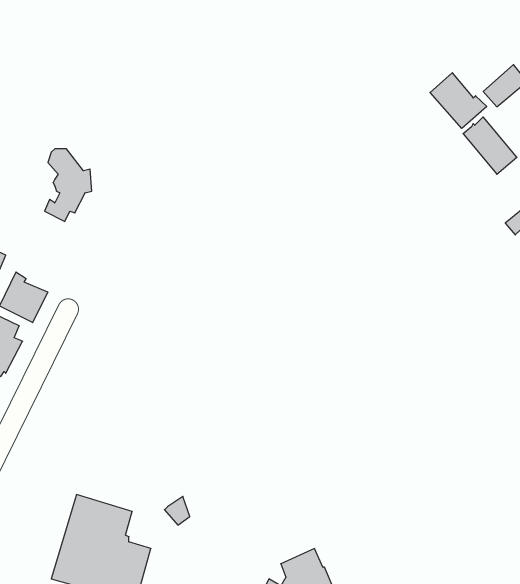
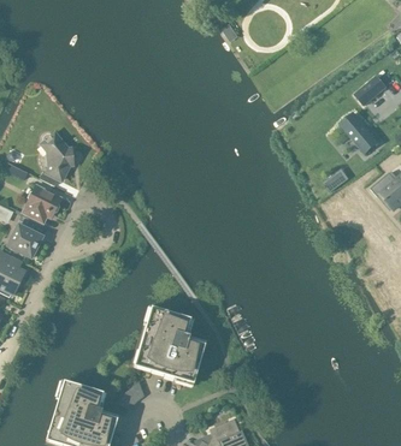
building: [430,73,487,128] -> none
building: none -> [23,185,63,224]
building: none -> [134,308,205,385]

